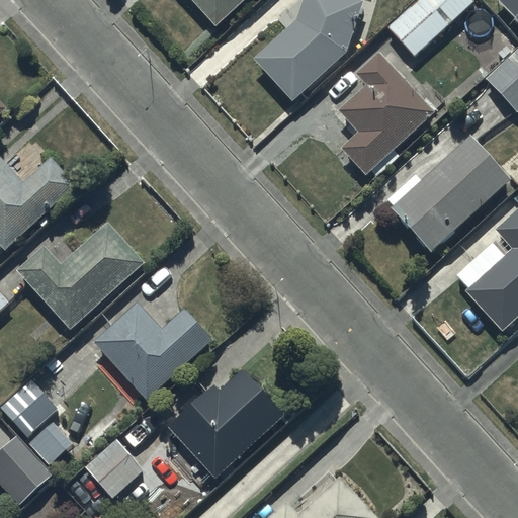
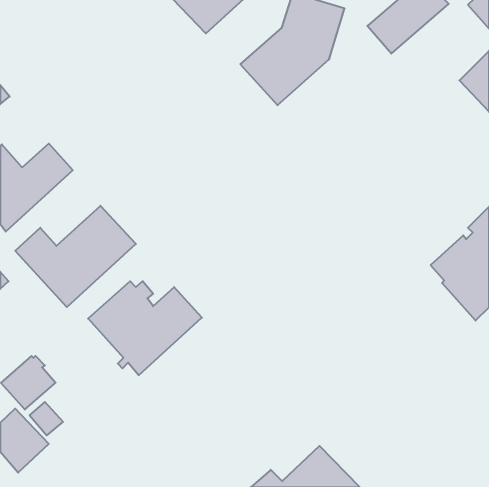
building: [339,61,434,183] -> none
building: [390,144,511,262] -> none
building: [168,366,282,474] -> none
building: [89,439,144,493] -> none

